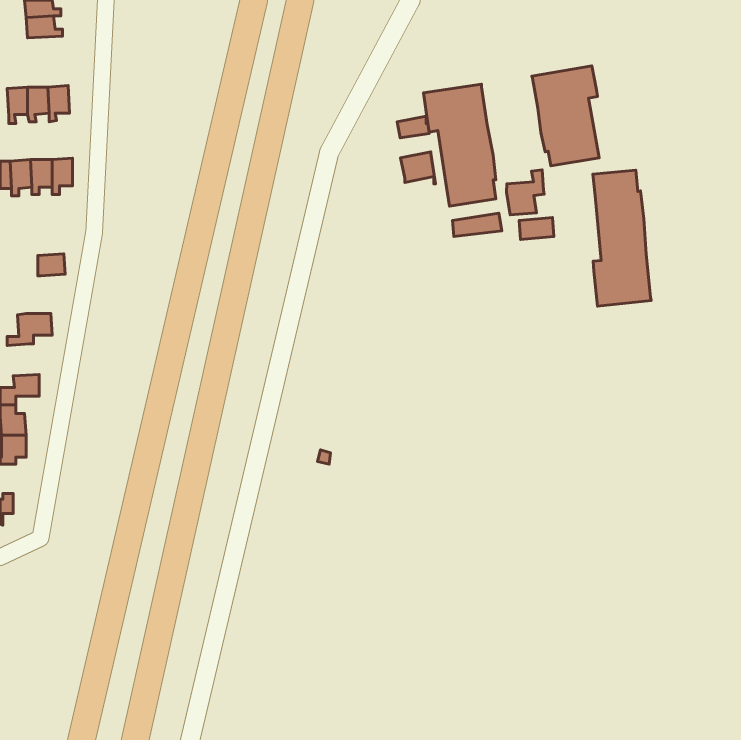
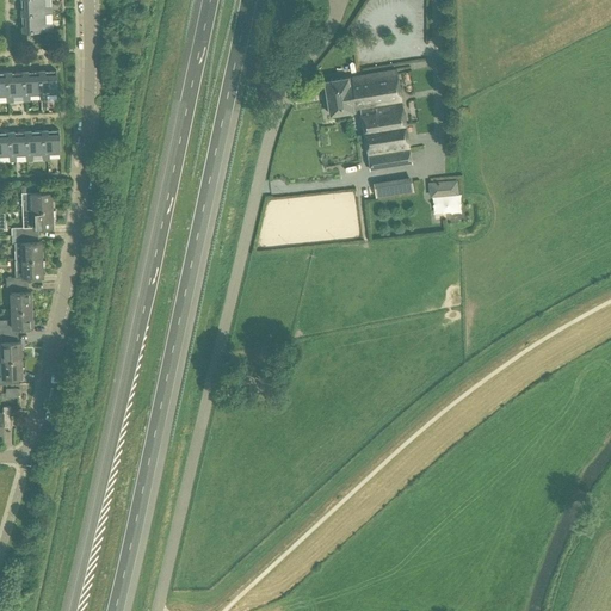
building: [532,66,599,166] -> none
building: [401,152,435,184] -> [323,76,352,103]
building: [506,170,544,215] -> none
building: [593,170,651,306] -> none
building: none -> [23,185,53,211]
building: none -> [12,235,42,260]
building: none -> [6,284,32,310]

